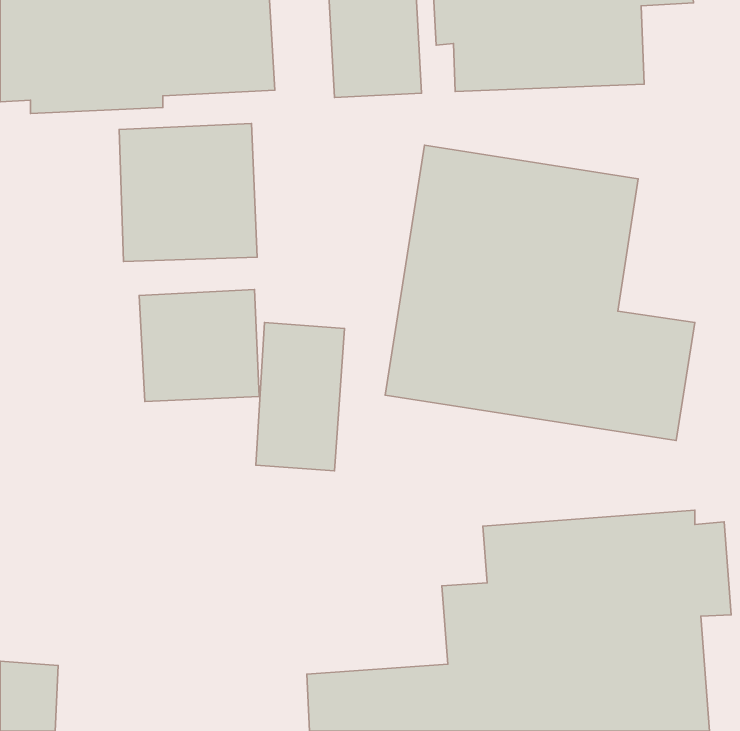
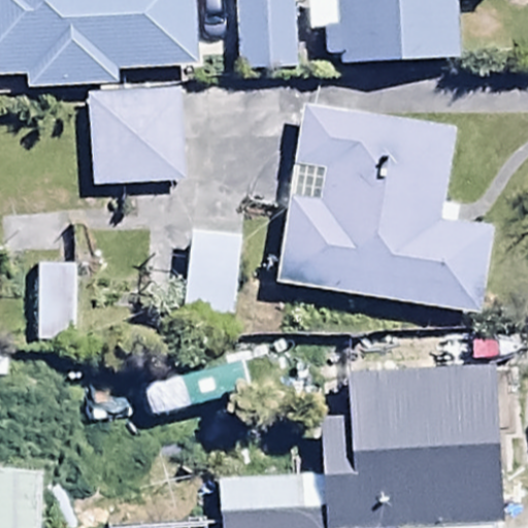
building: [139,289,259,402] -> none

